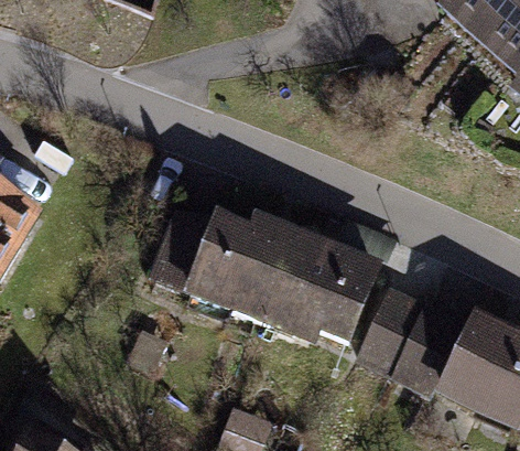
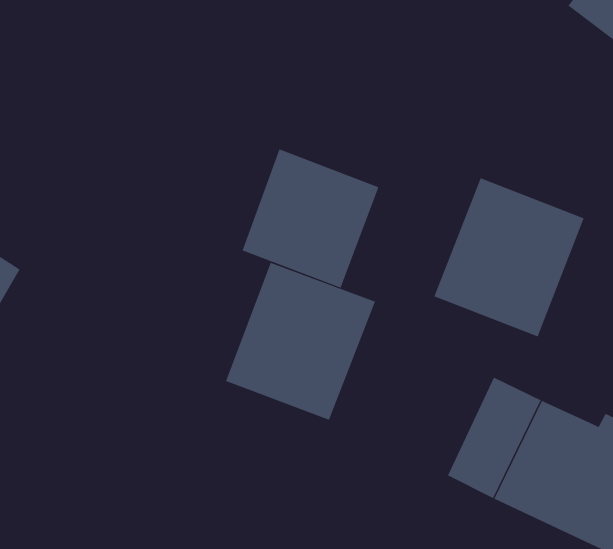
building: none -> [242,148,379,288]
building: [264,230,379,352] -> [434,177,585,337]

